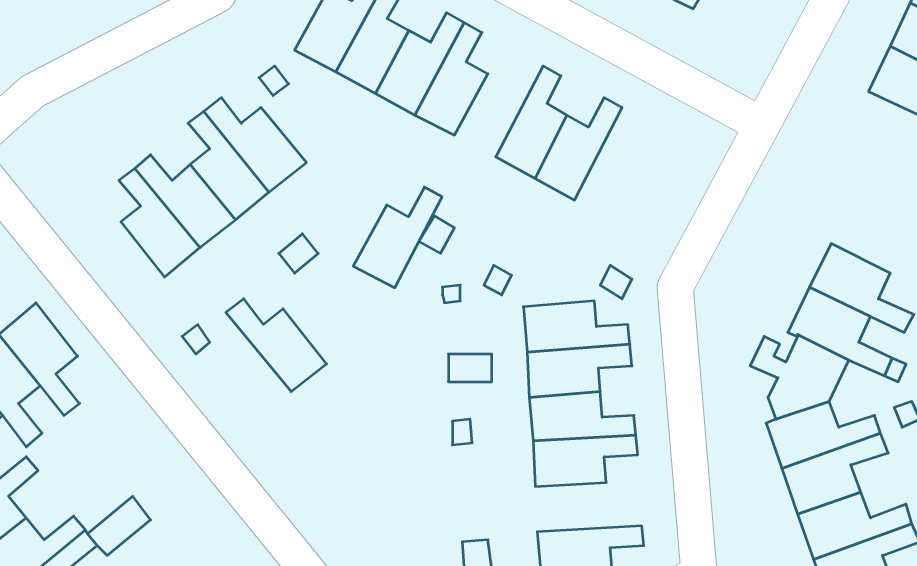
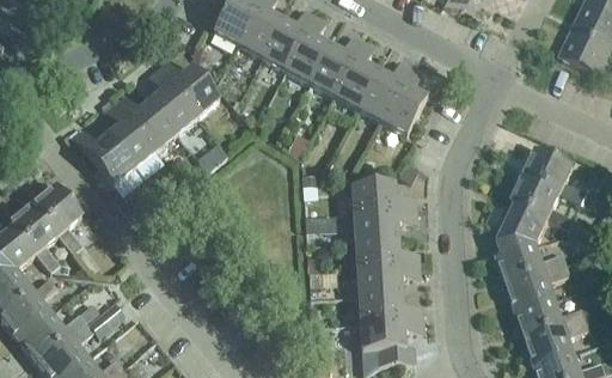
building: none -> [381,67,426,136]
building: [353,187,442,288] -> [308,36,362,97]
building: [226,299,327,392] -> [72,130,133,187]
building: none -> [357,294,422,324]

